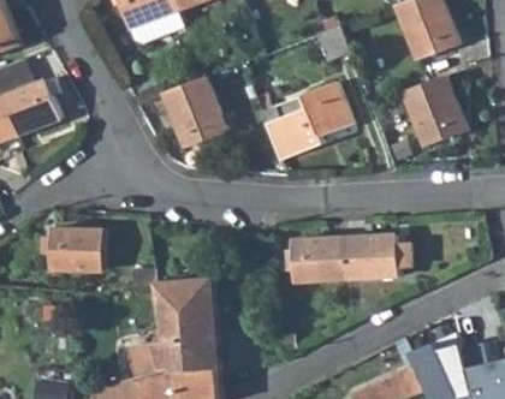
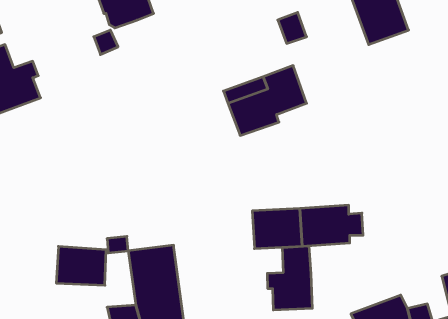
building: [162,77,225,148] -> none
building: [403,77,465,145] -> none
building: [48,228,102,270] -> [56,246,106,285]
building: none -> [267,246,312,310]

